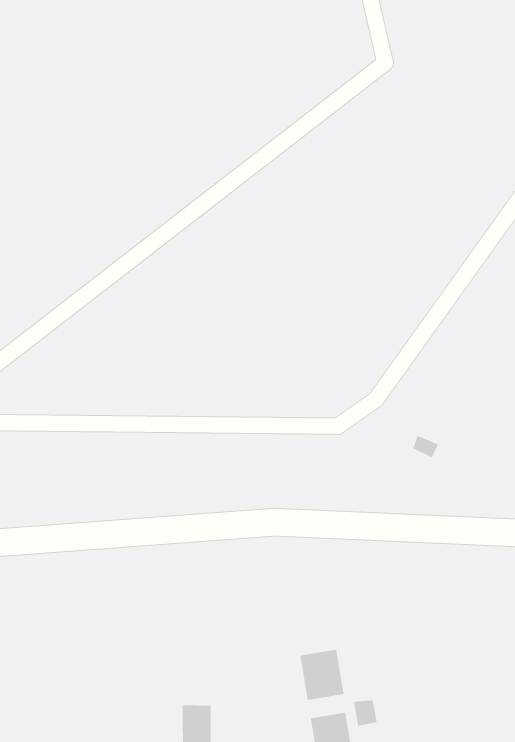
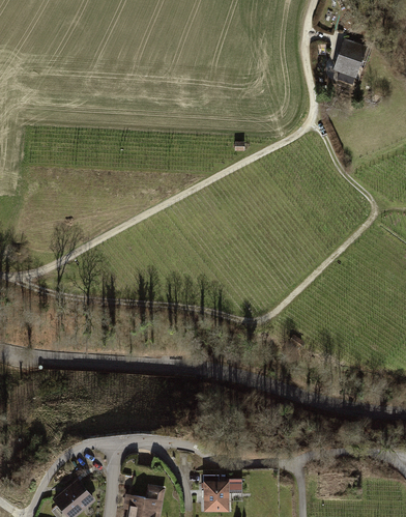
building: [299,649,345,701] -> none

